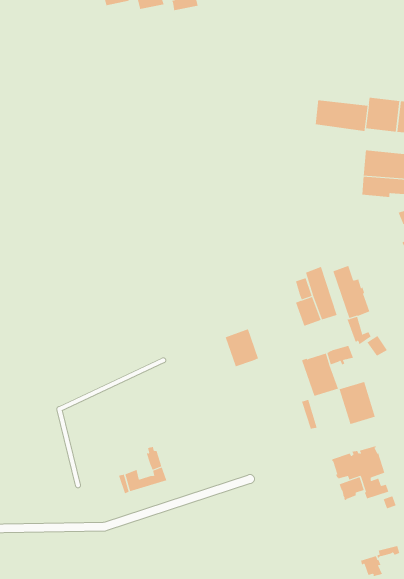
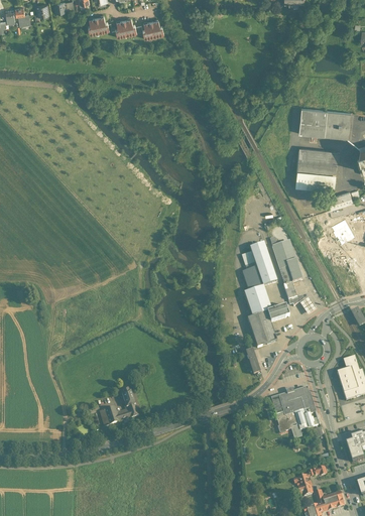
building: [315,100,368,132] -> none
building: [225,328,259,367] -> [244,286,271,317]
building: [339,381,376,425] -> none

